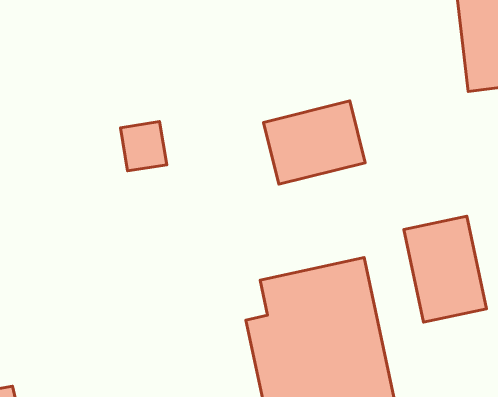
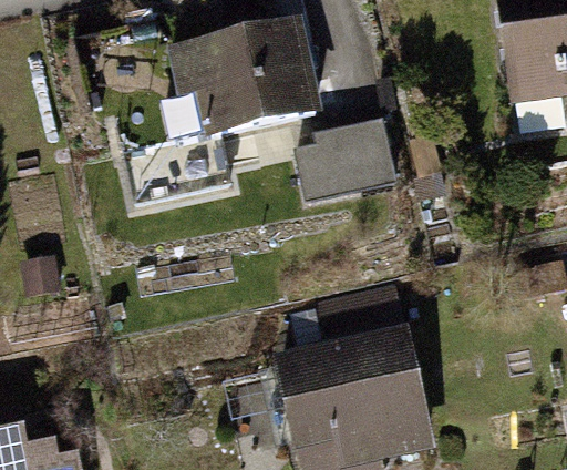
building: none -> [173,16,317,132]
building: [404,216,487,322] -> none

